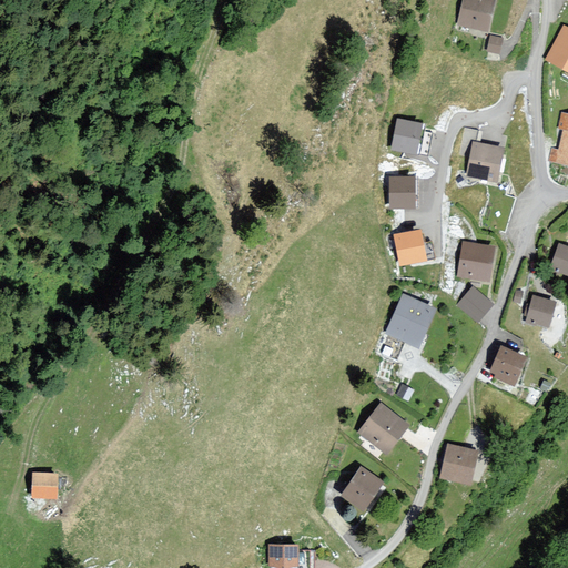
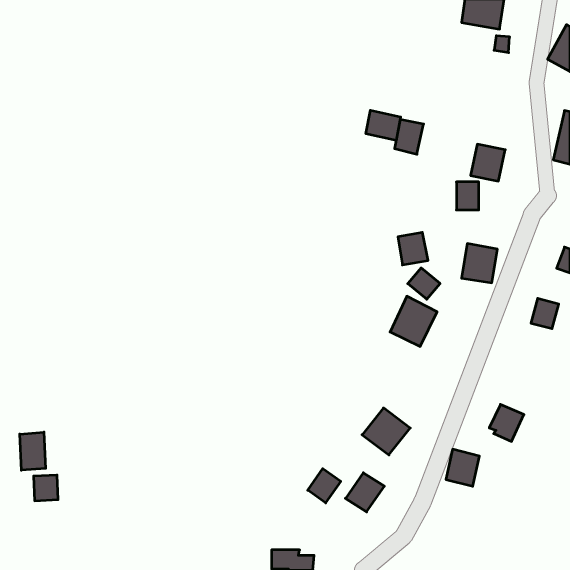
building: none -> [366,110,401,141]
building: [390,178,413,205] -> [456,182,479,210]
building: [458,288,490,320] -> [408,268,440,299]
building: [490,347,525,384] -> [489,404,524,441]
building: none -> [20,432,46,470]
building: none -> [308,469,341,503]

